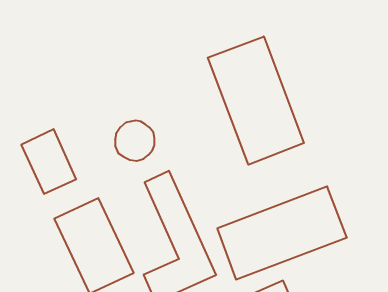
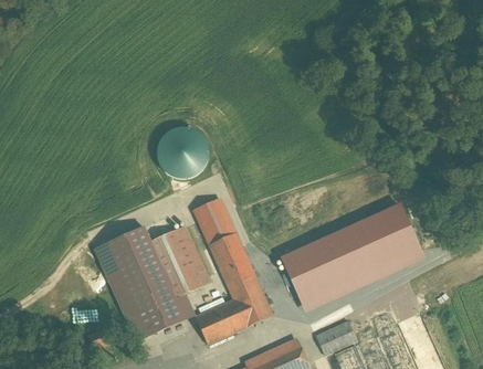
building: [208,36,304,165] -> none
building: [21,129,76,194] -> [149,221,211,294]

